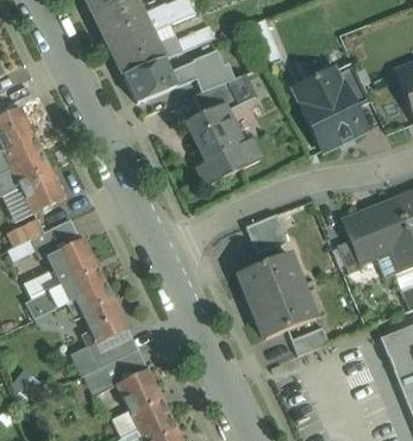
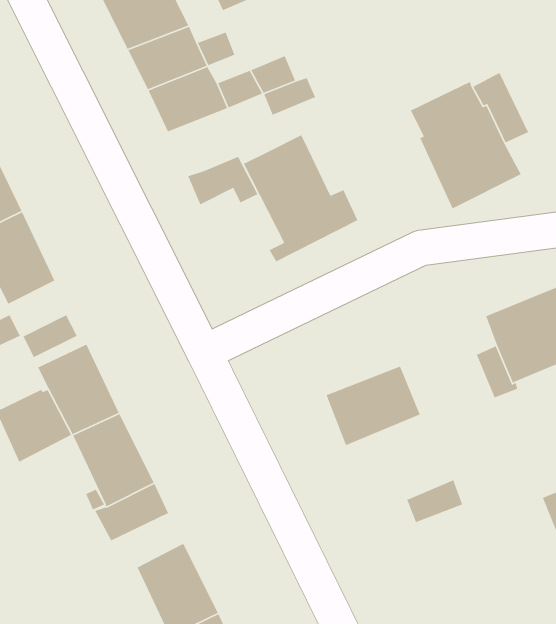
building: [194,80,240,112] -> [187,156,259,205]
building: [245,212,288,253] -> none
building: [252,284,314,337] -> none
building: [83,348,146,395] -> none

